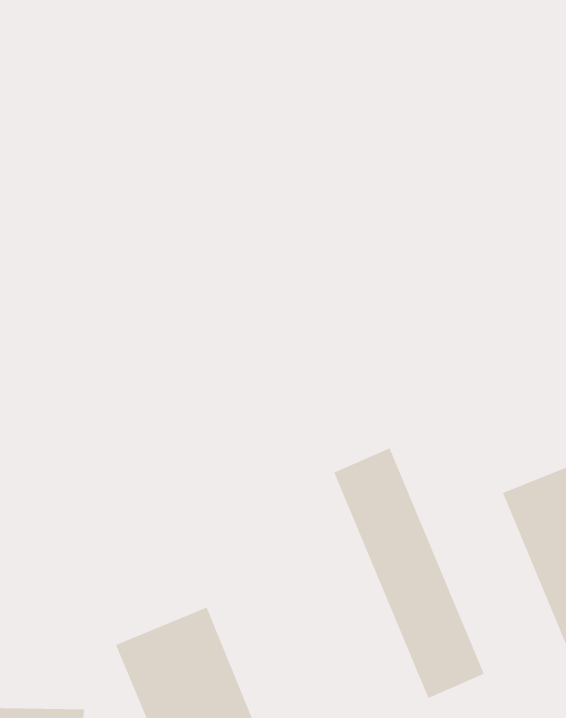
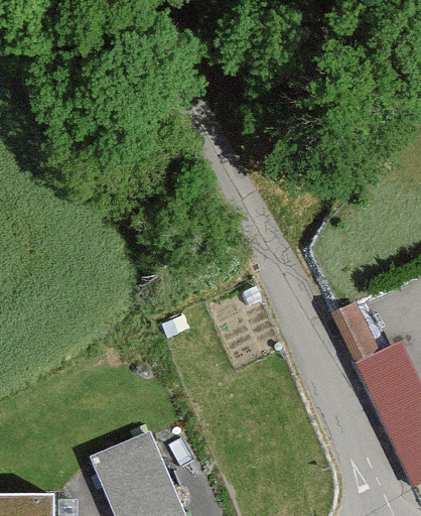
building: [333,447,485,699] -> none

